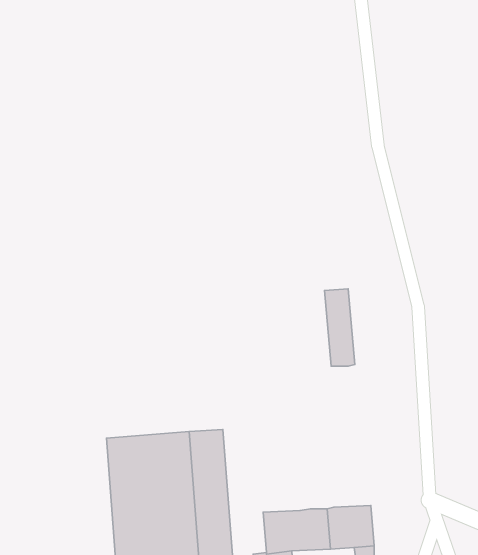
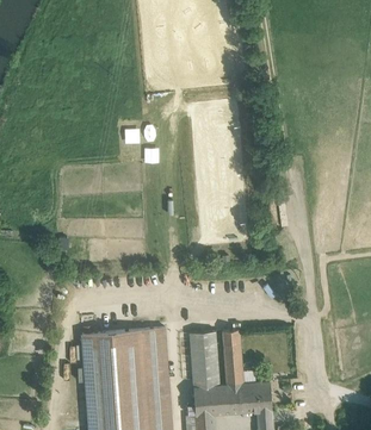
building: [324,289,355,366] -> [222,329,243,384]
building: none -> [190,331,219,386]

